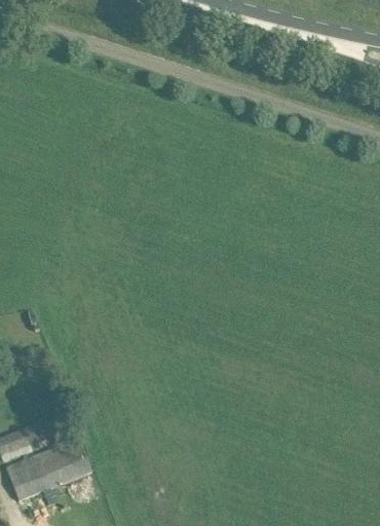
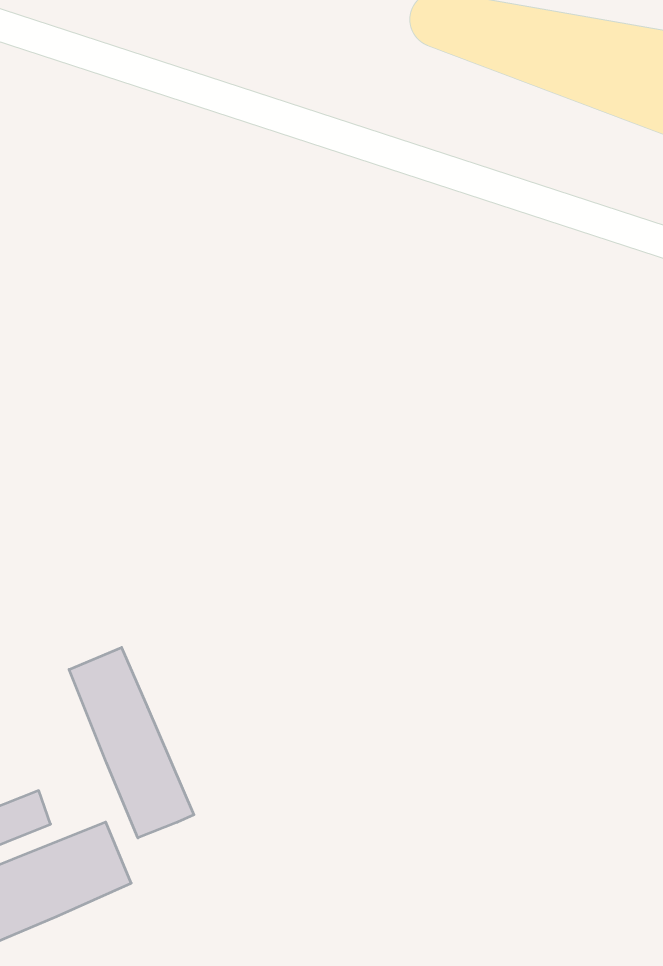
building: none -> [69,647,194,838]

